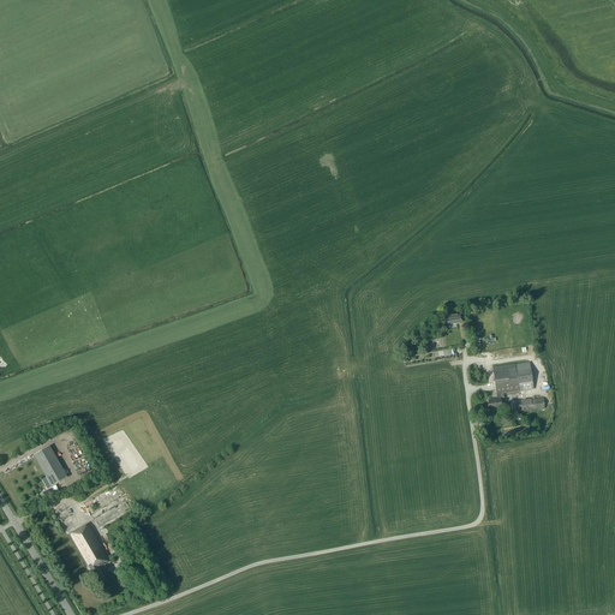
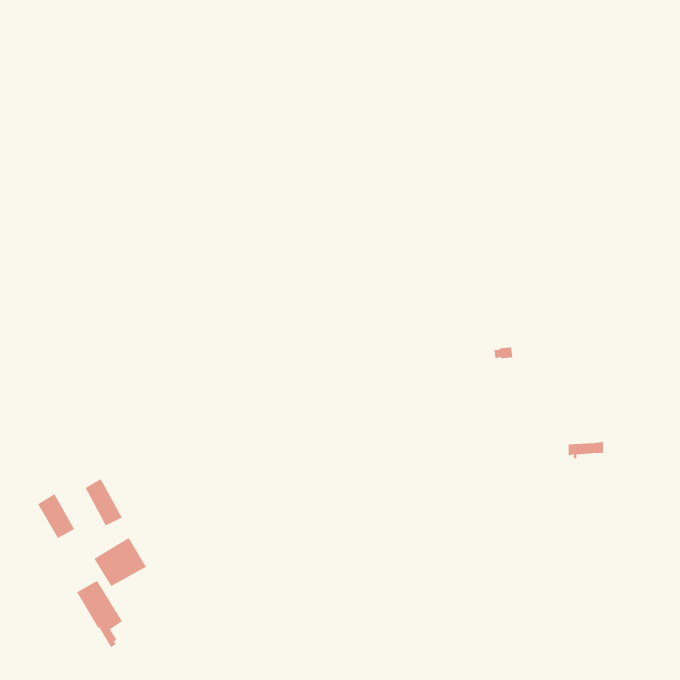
building: [490,362,535,408] -> none
building: none -> [85,478,123,526]

